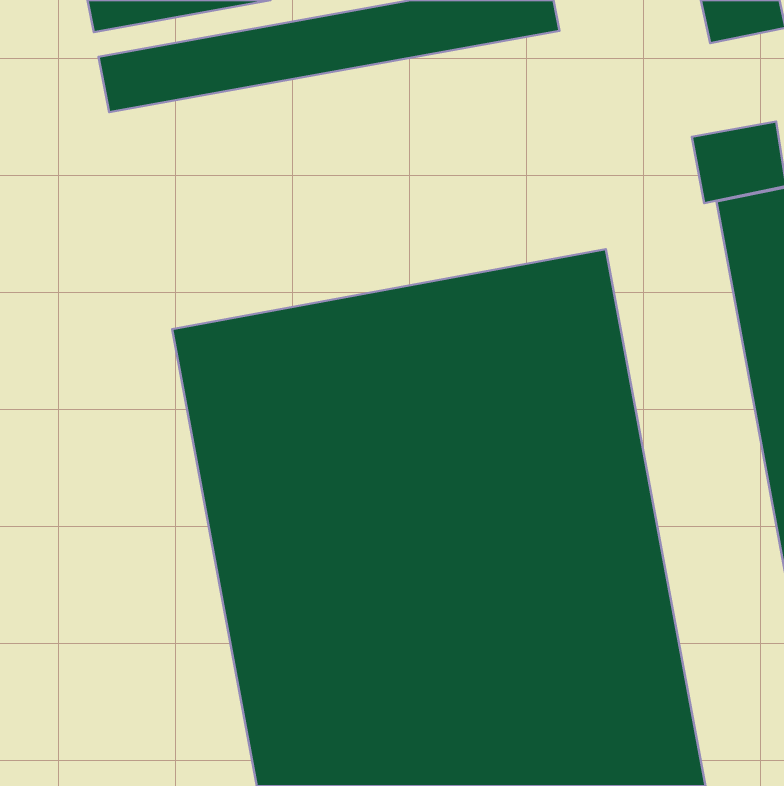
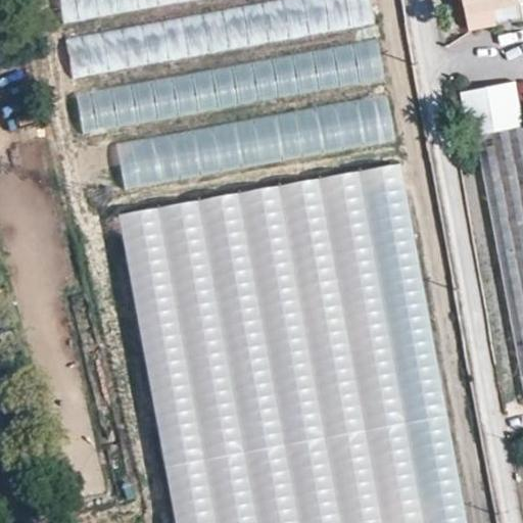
building: none -> [76,38,386,131]
building: none -> [116,94,394,186]

